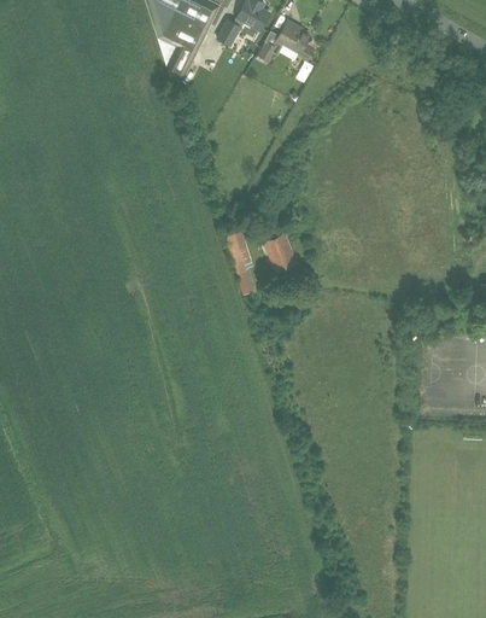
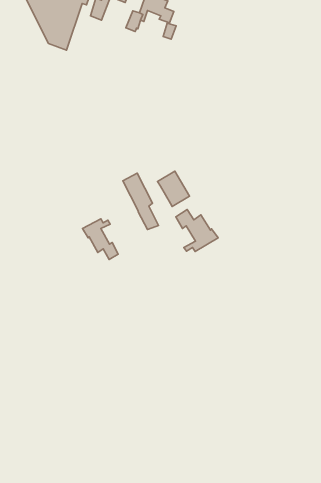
building: none -> [82,219,118,260]
building: none -> [176,209,218,251]

